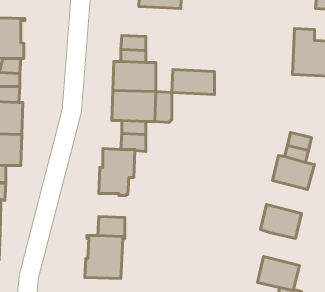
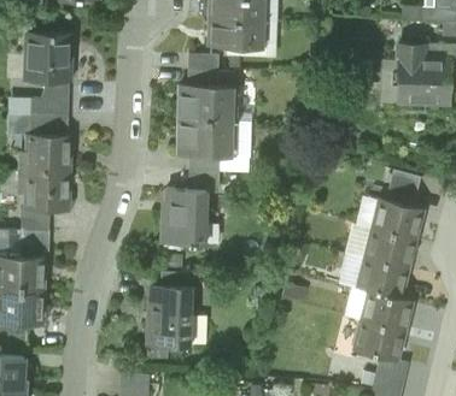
building: [172,70,215,95] -> [209,18,261,48]
building: none -> [364,227,414,267]
building: none -> [361,290,411,330]

